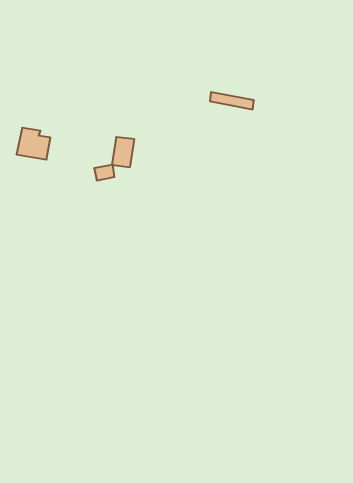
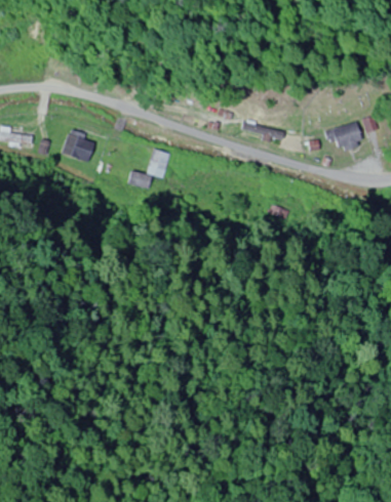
building: none -> [326,121,363,150]

